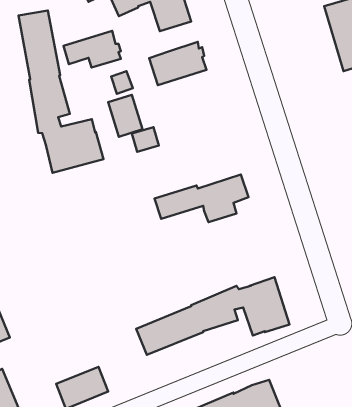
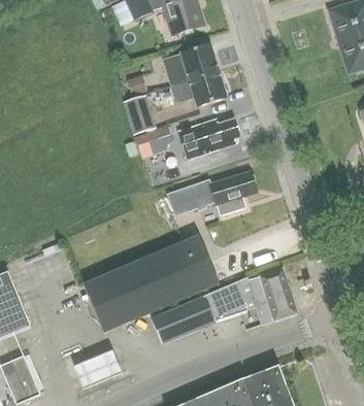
building: [18,10,104,173] -> none
building: [63,31,121,67] -> [171,70,226,105]
building: none -> [178,119,240,159]
building: none -> [84,235,219,331]

